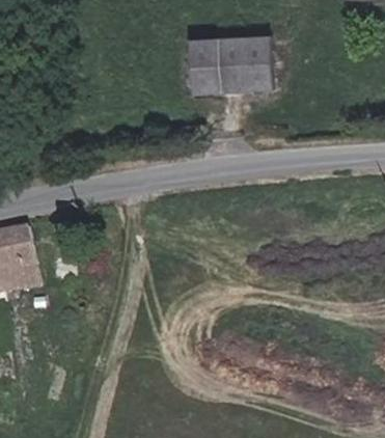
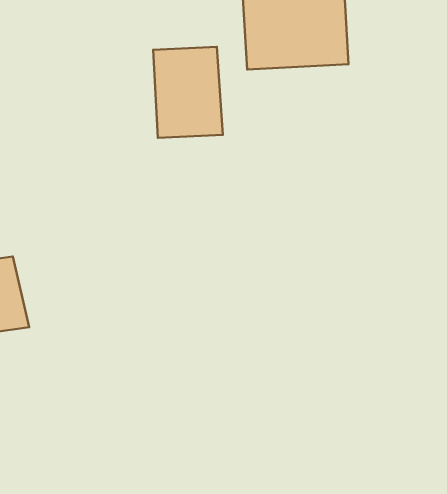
building: none -> [153,47,223,138]

